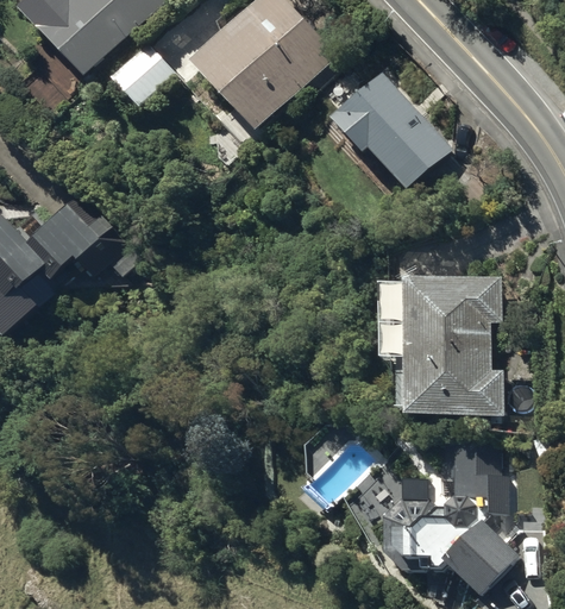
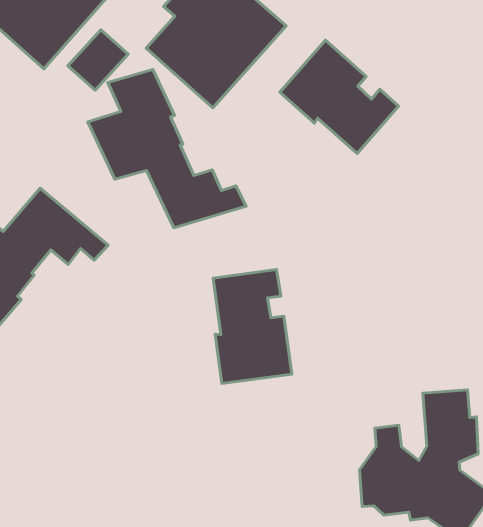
building: none -> [88,70,246,228]
building: [381,272,502,421] -> none
building: none -> [213,270,292,383]

